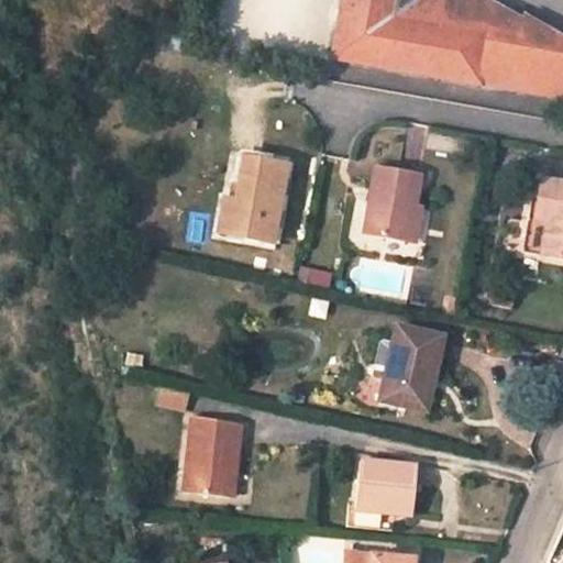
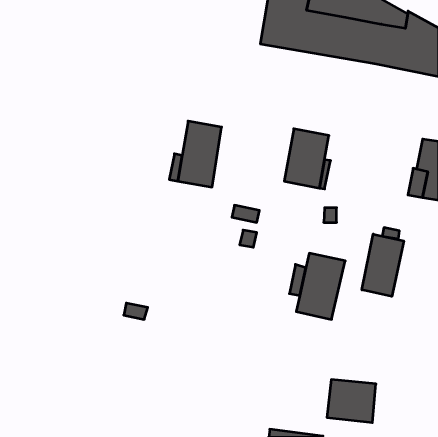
building: none -> [362,234,404,296]
building: [185,417,242,496] -> none
building: [355,459,418,514] -> [327,380,376,423]

